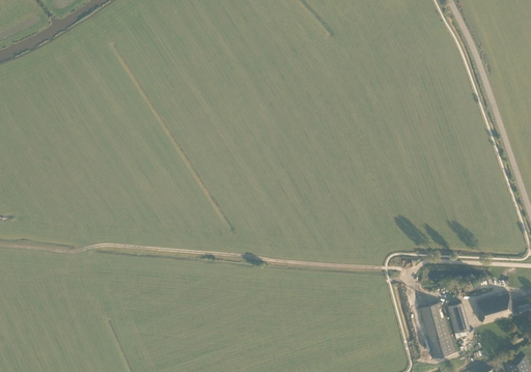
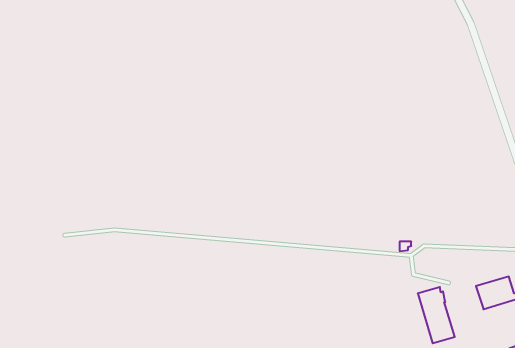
building: [445,302,468,334] -> none

